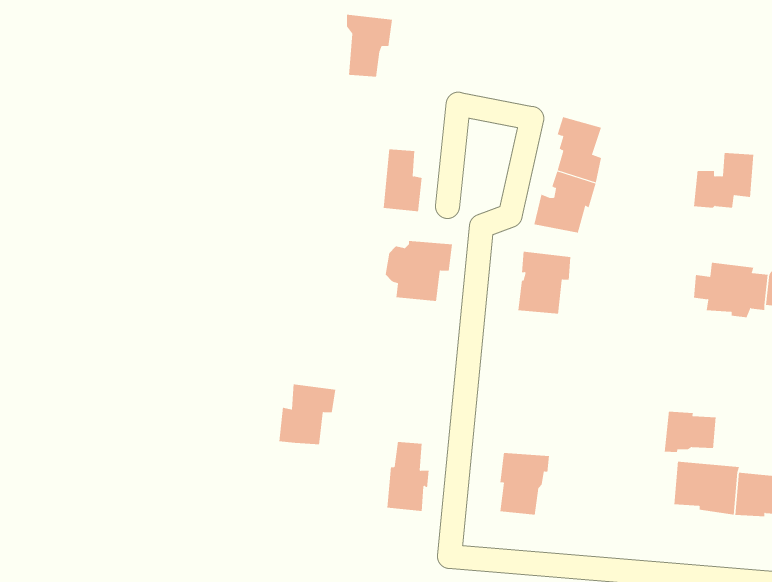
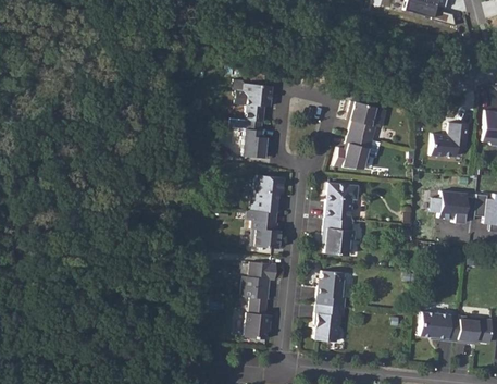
building: [346,14,393,77] -> [245,83,273,121]
building: none -> [251,210,281,248]
building: none -> [323,218,353,255]
building: [279,384,336,445] -> [243,261,277,298]
building: none -> [316,270,346,306]
building: [664,411,716,453] -> none

